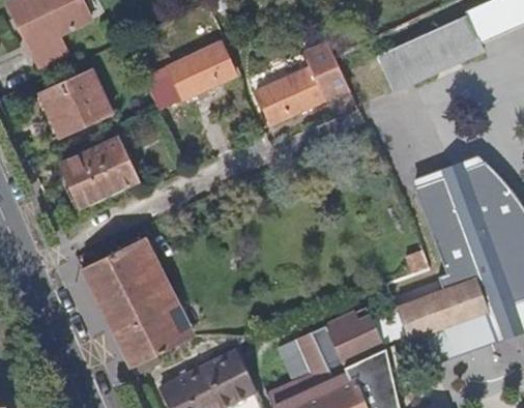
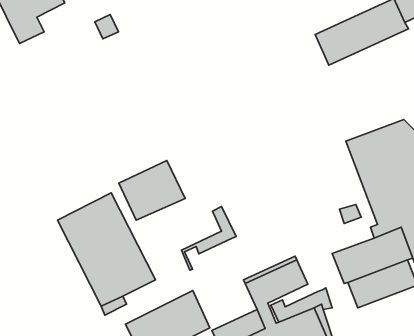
building: [257,40,348,122] -> none
building: [144,42,236,110] -> none
building: [42,69,113,137] -> none
building: [61,139,137,207] -> [119,160,185,220]
building: [323,314,385,386] -> [182,207,236,270]

